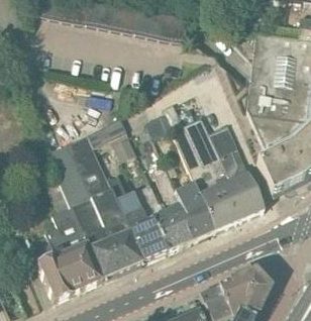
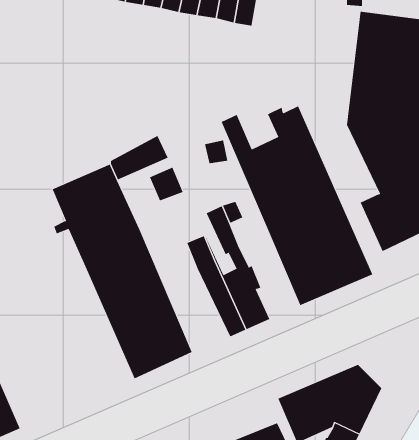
building: [108,173,169,260] -> none
building: [175,180,216,238] -> none
building: [28,205,104,300] -> none

